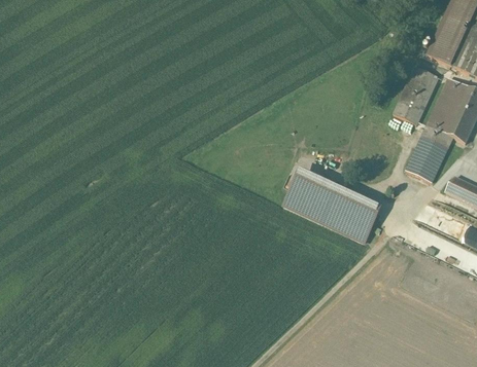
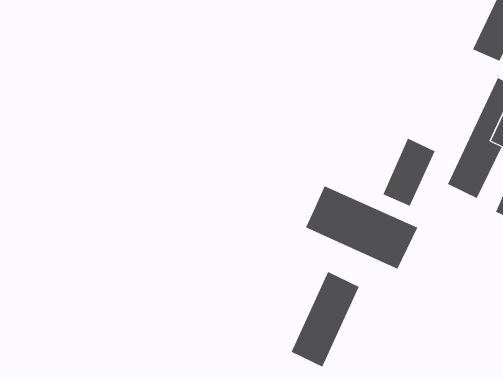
building: [393,66,438,124] -> [382,138,435,206]
building: none -> [291,271,360,368]

